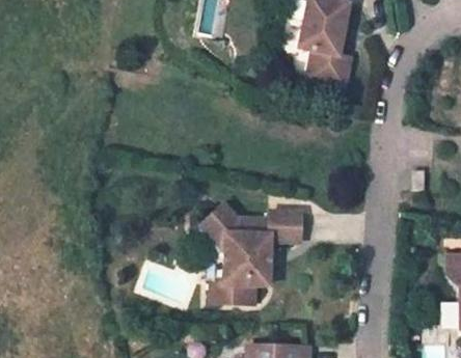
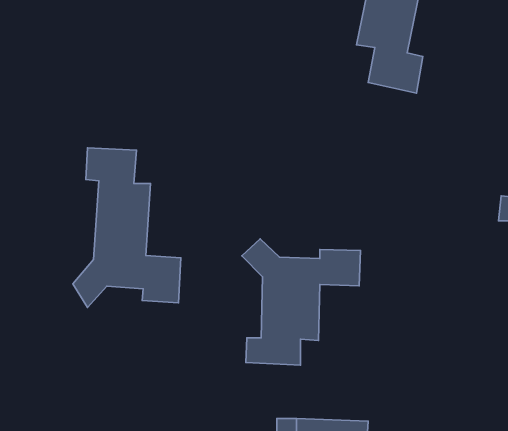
building: none -> [73,148,181,308]

